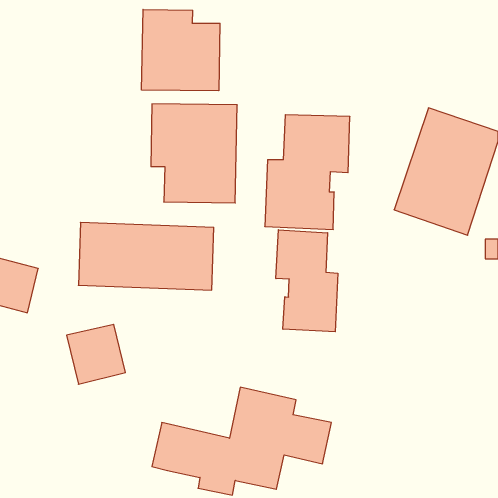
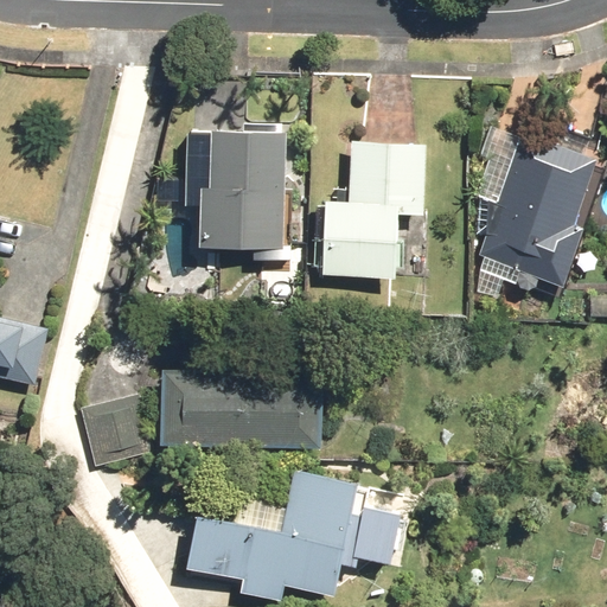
building: [142,9,220,91] -> none
building: [78,222,214,290] -> [160,370,324,452]
building: [276,230,338,332] -> none

